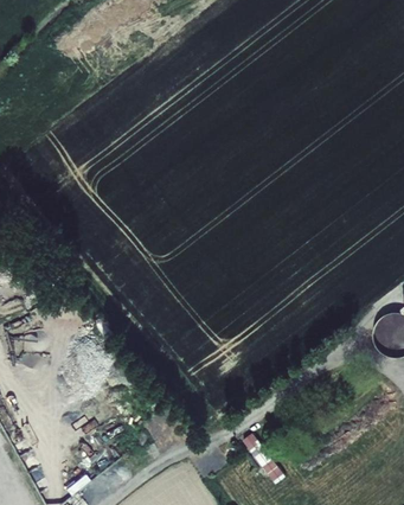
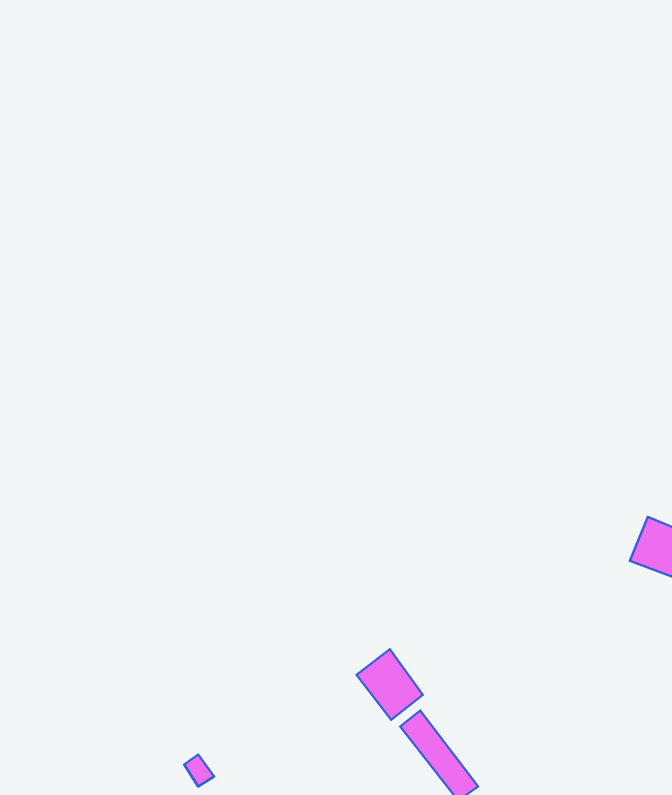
building: none -> [356,649,423,720]

